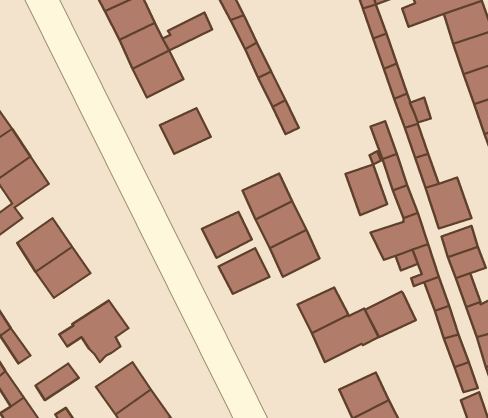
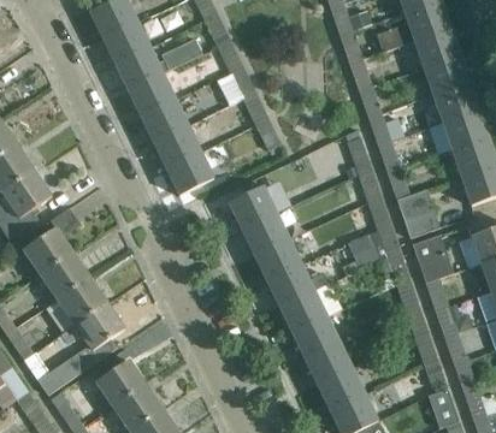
building: none -> [141,99,187,141]
building: [345,164,387,215] -> none
building: [202,212,252,258] -> [166,152,212,194]
building: [218,248,270,294] -> [266,263,313,306]
building: none -> [55,277,106,324]
building: [365,291,416,337] -> [305,342,352,384]

